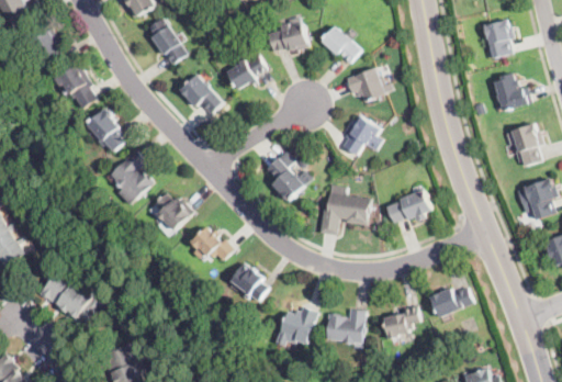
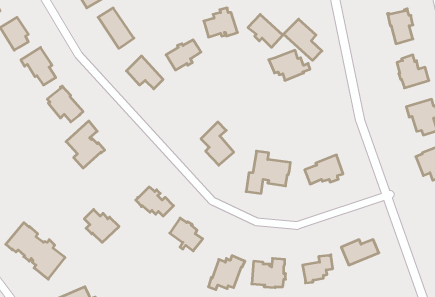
building: none -> [283,19,322,60]
building: [341,114,380,155] -> none
building: [154,192,194,231] -> [84,209,119,242]

